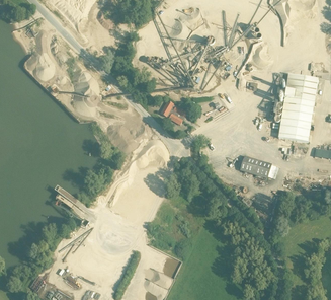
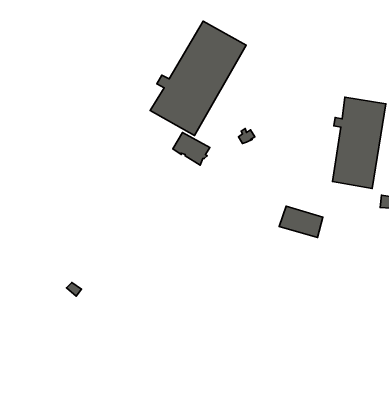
building: none -> [150,21,246,135]

